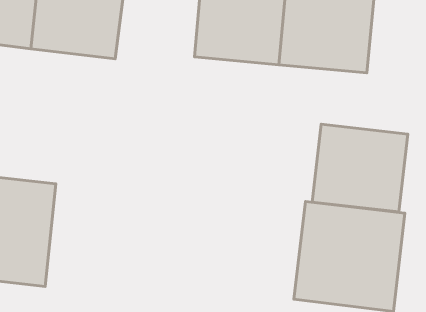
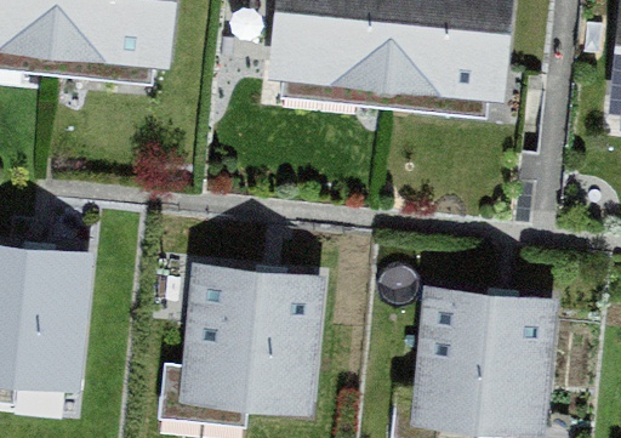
building: [312,124,408,212] -> none
building: none -> [175,260,325,411]

